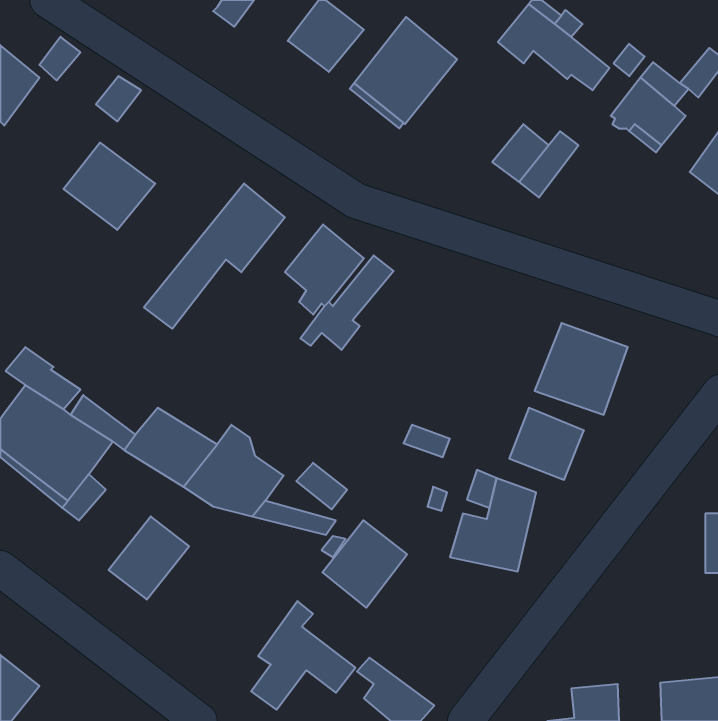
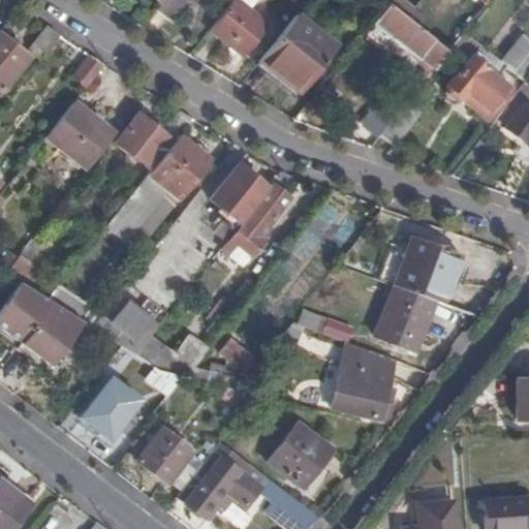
building: none -> [117,111,192,172]
building: [322,520,407,608] -> [270,424,332,488]
building: none -> [138,428,193,485]

